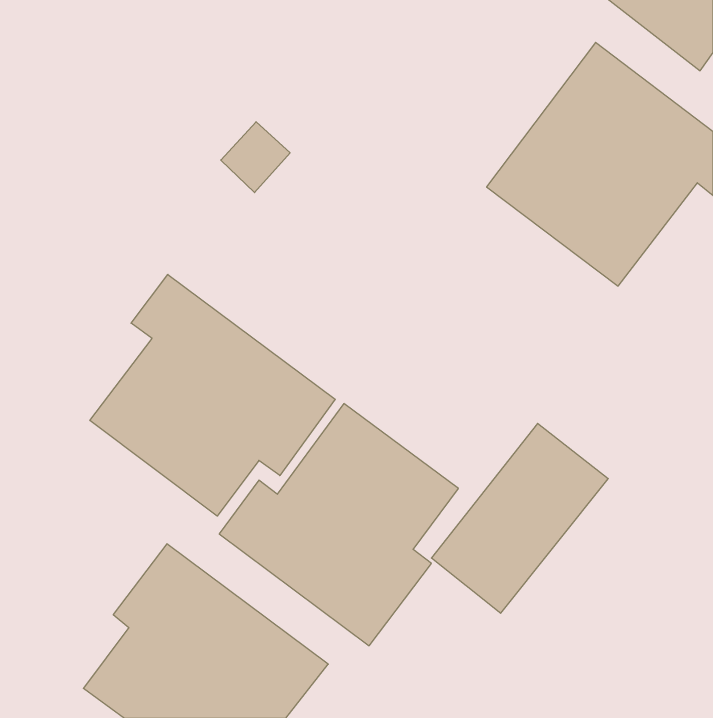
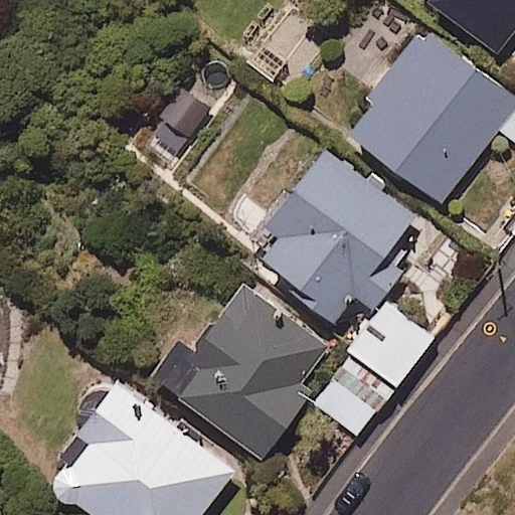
building: none -> [249,152,415,321]
building: [90,274,335,516] -> none

